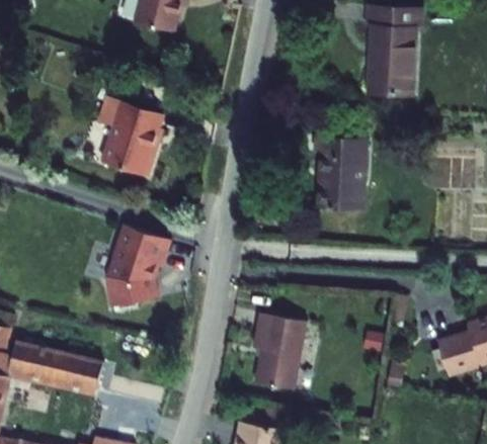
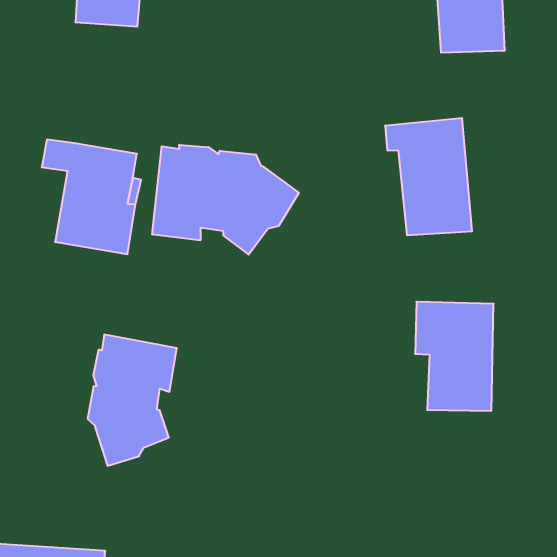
building: none -> [152,145,299,255]
building: [253,314,309,391] -> [415,302,494,411]

